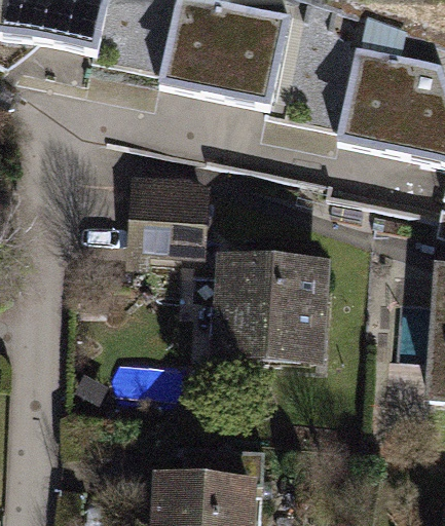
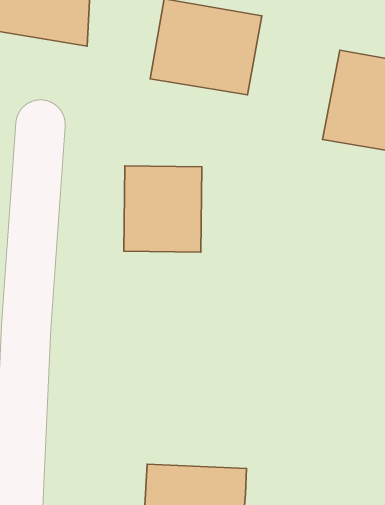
building: [224,250,332,355] -> none

